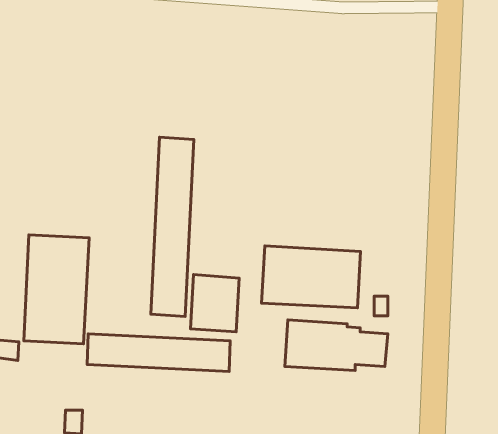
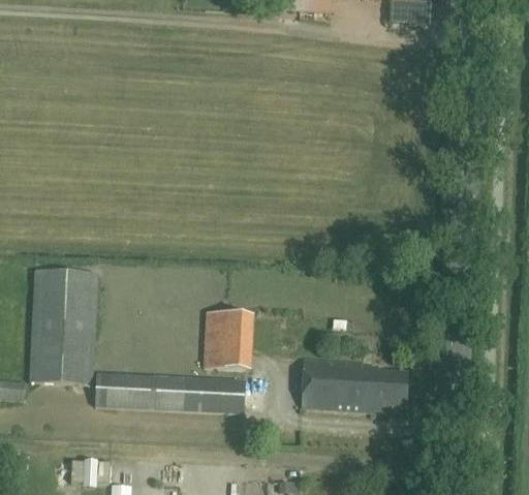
building: [151,137,194,316] -> none
building: [261,246,360,308] -> none

